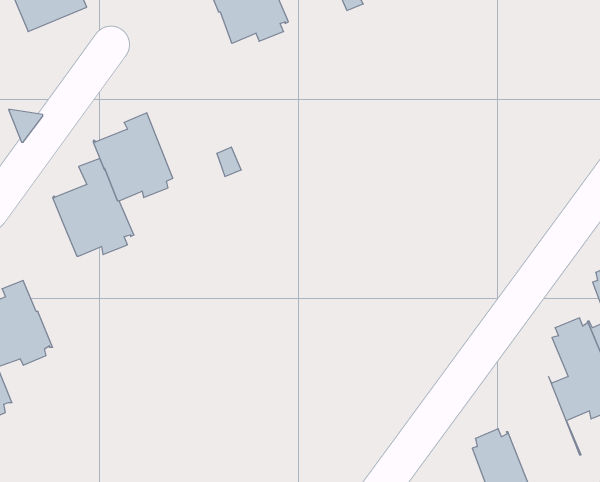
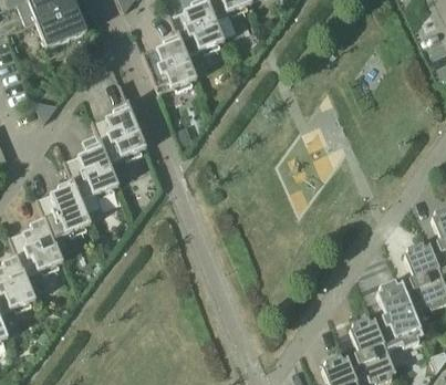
building: none -> [143,34,197,94]
building: none -> [37,179,92,238]
building: none -> [376,280,423,348]

